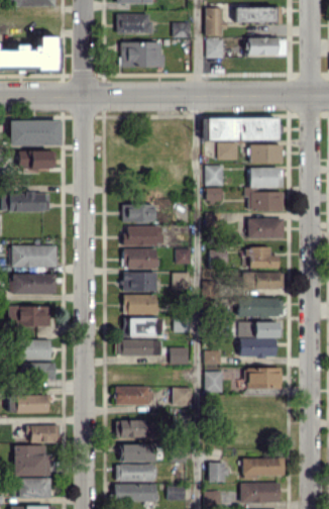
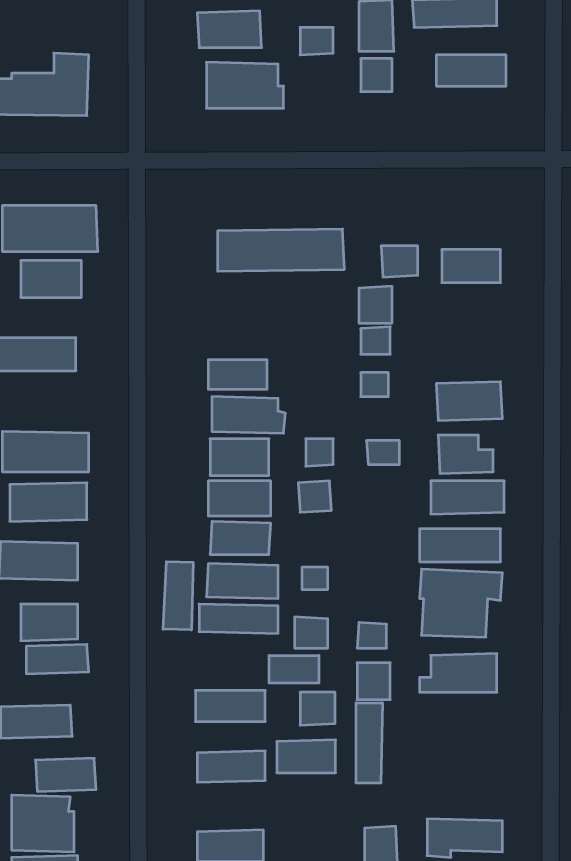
building: [208,117,278,140] -> [218,229,344,271]
building: [246,167,284,210] -> none
building: none -> [163,562,193,630]
building: none -> [269,655,319,683]
building: none -> [356,703,382,783]
building: [122,443,154,462] -> [277,740,336,773]

